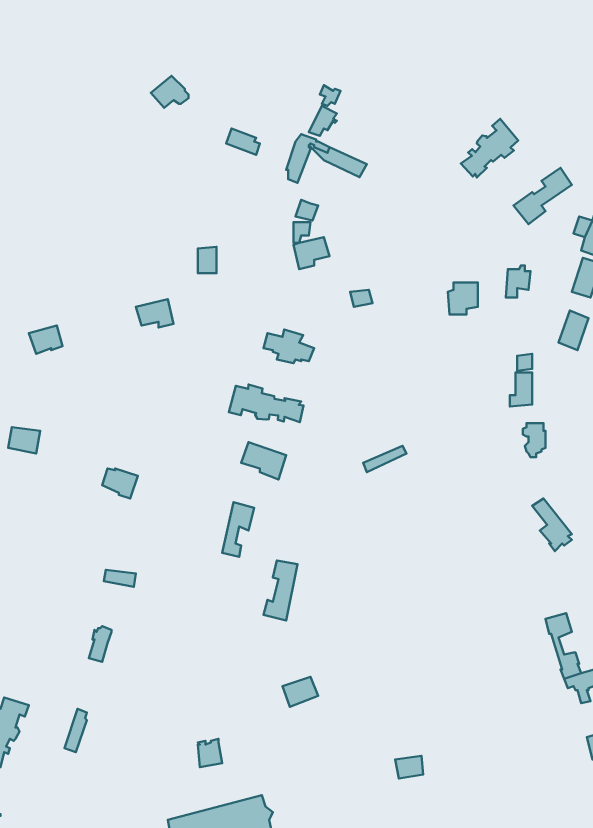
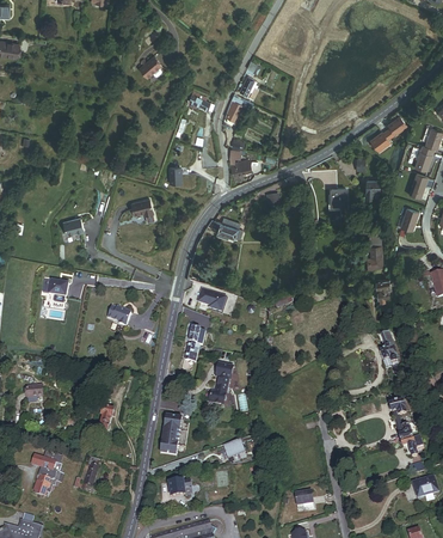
building: [461,119,518,177] -> none
building: [229,385,303,422] -> none
building: none -> [159,417,181,456]

